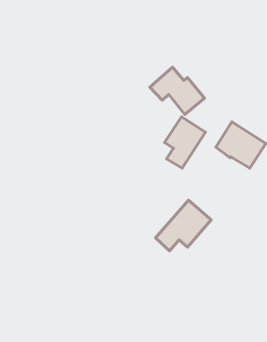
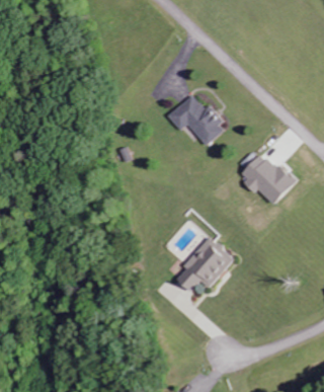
building: [165,117,205,168] -> none

